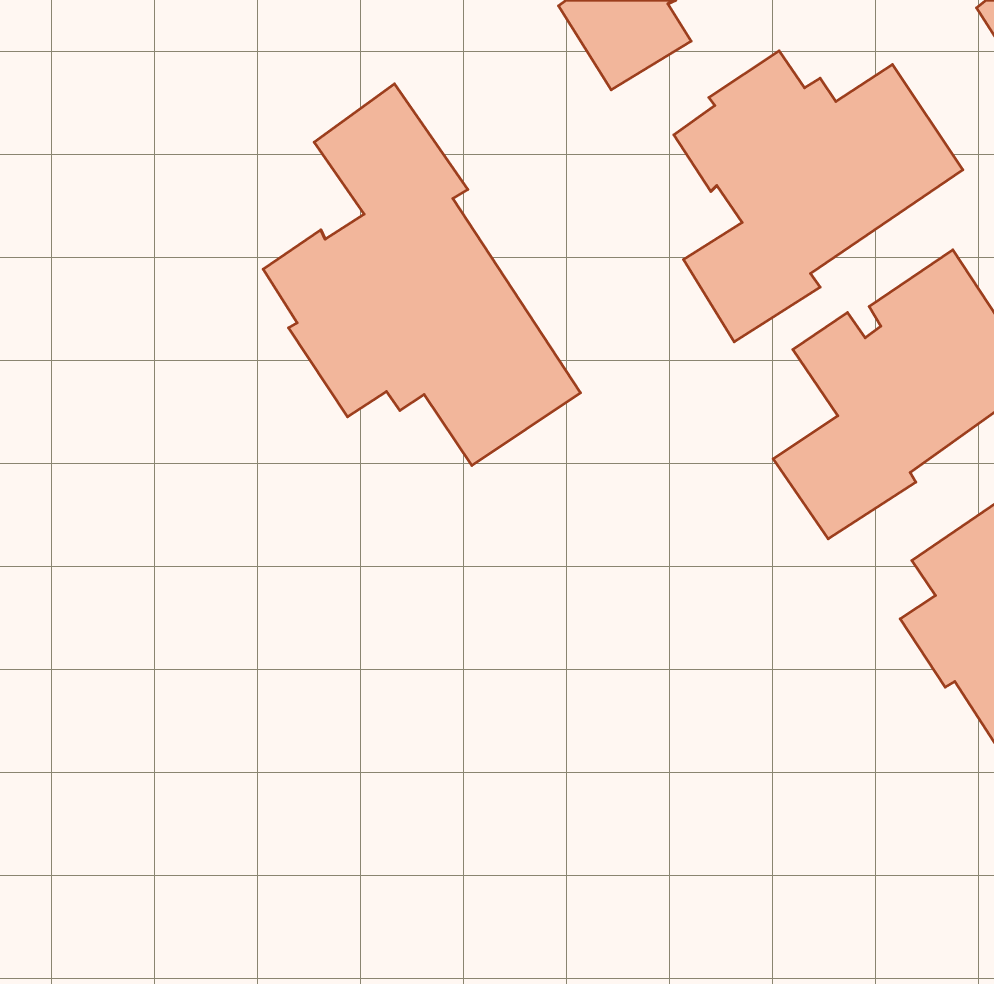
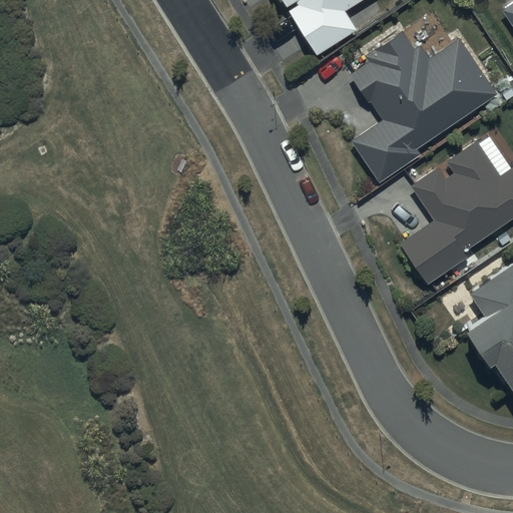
building: [263,84,581,465] -> none

